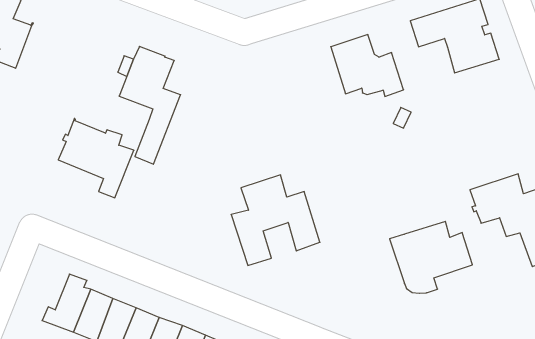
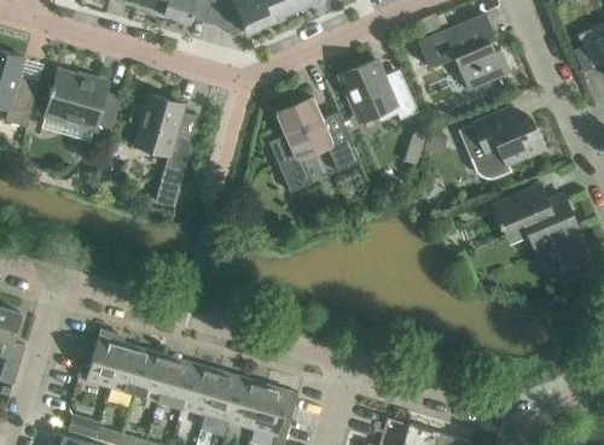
building: [58,118,134,198] -> [46,69,121,145]
building: [231,175,320,265] -> [268,96,360,191]
building: [390,221,472,293] -> [458,106,544,181]

